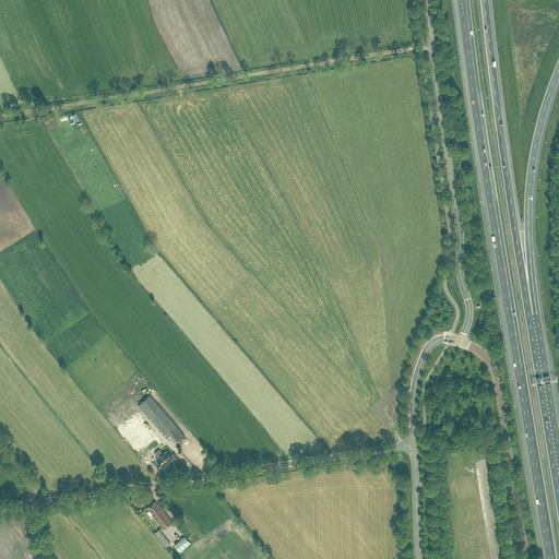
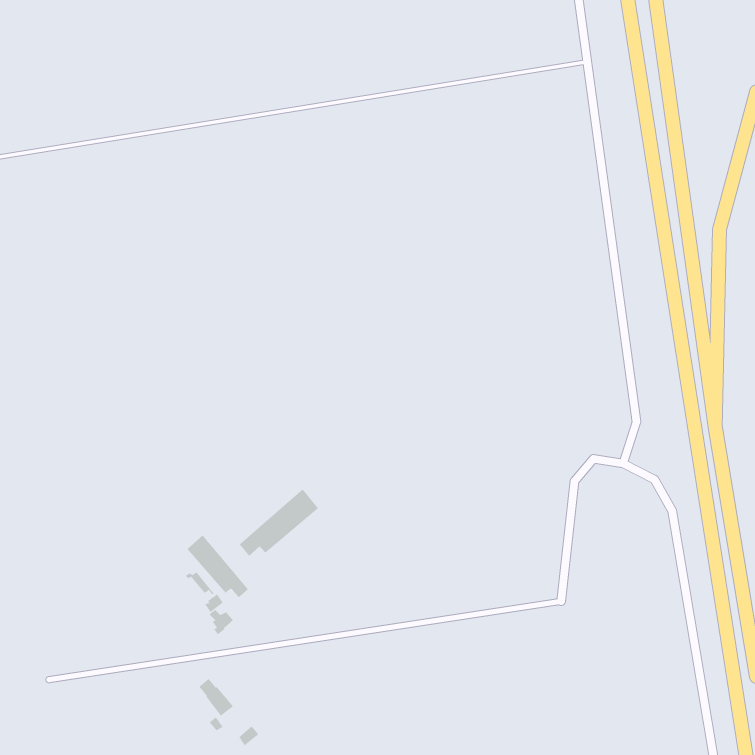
building: none -> [239,488,319,556]

